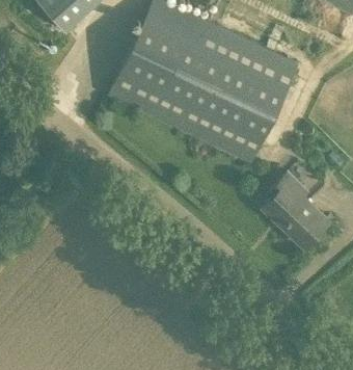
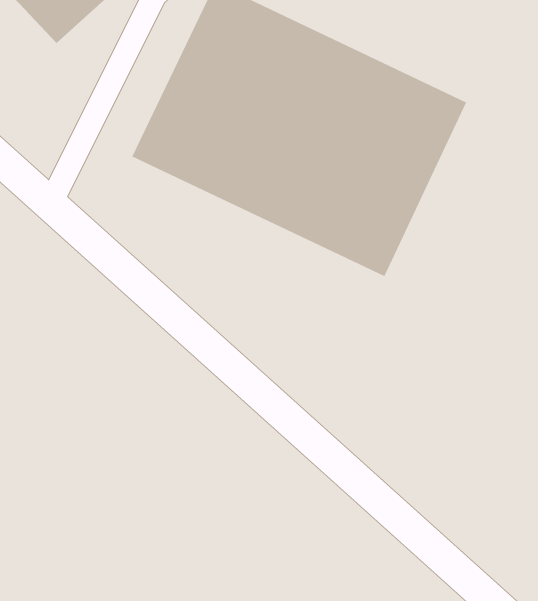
building: [262,170,330,245] -> none

